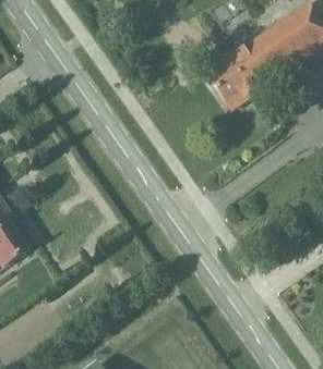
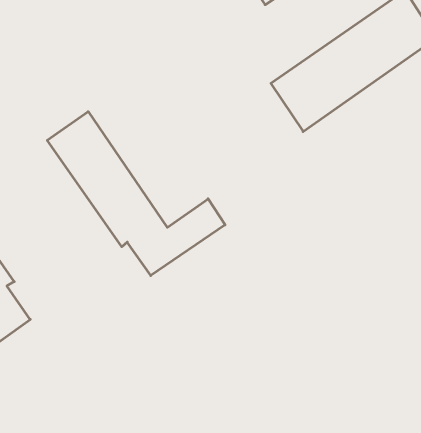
building: none -> [47,112,225,276]

